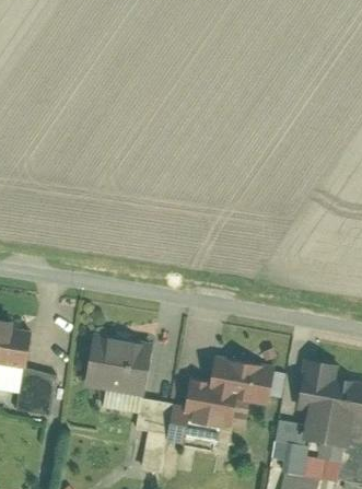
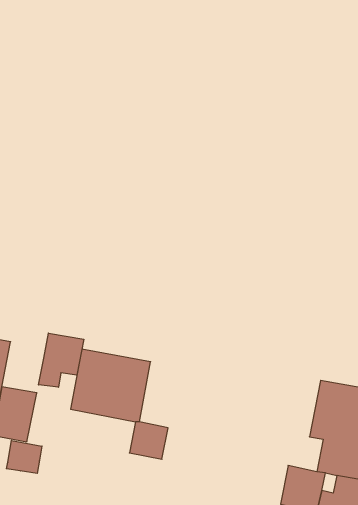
building: none -> [39,333,84,387]
building: [180,353,281,432] -> none
building: none -> [6,440,42,473]

